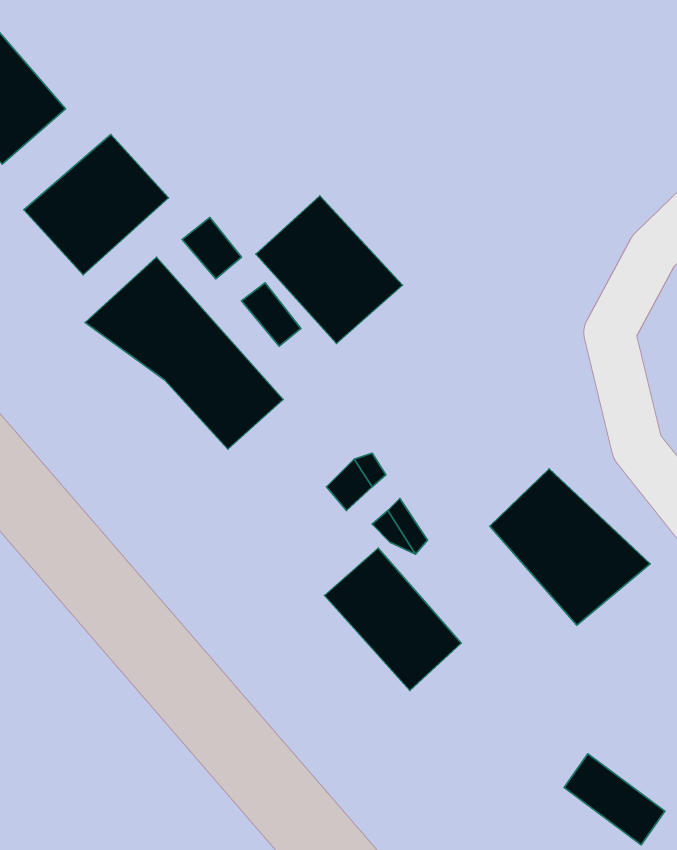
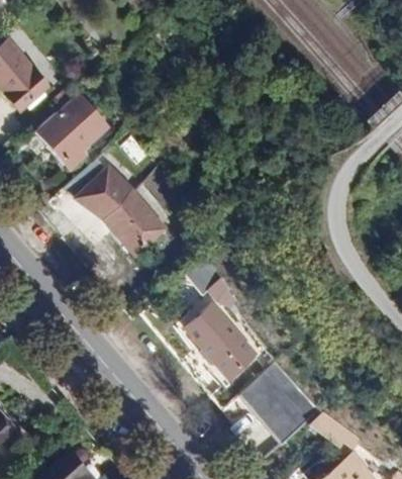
building: [256,196,402,344] -> none
building: [490,469,650,625] -> [236,361,318,441]

